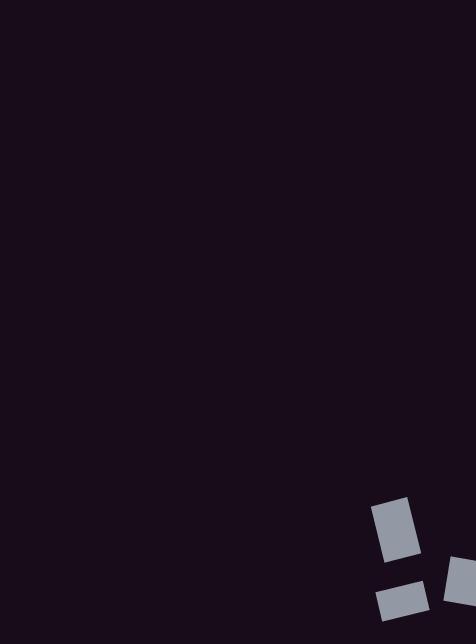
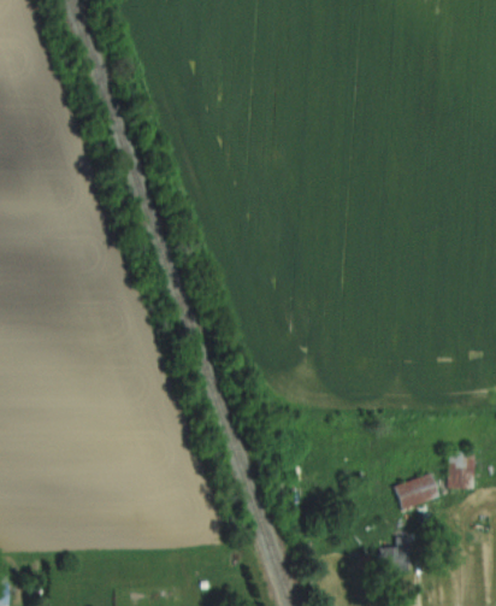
building: [370,496,422,564] -> none

